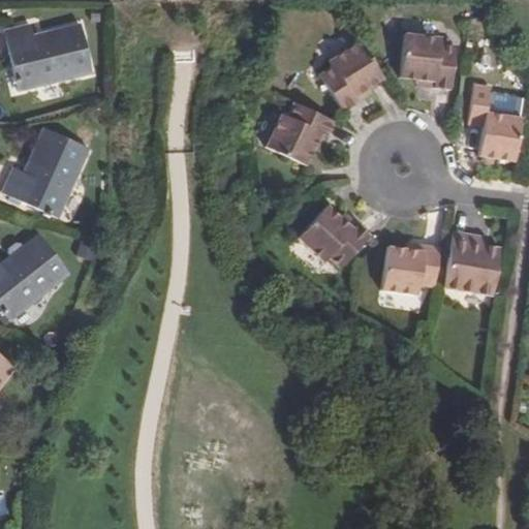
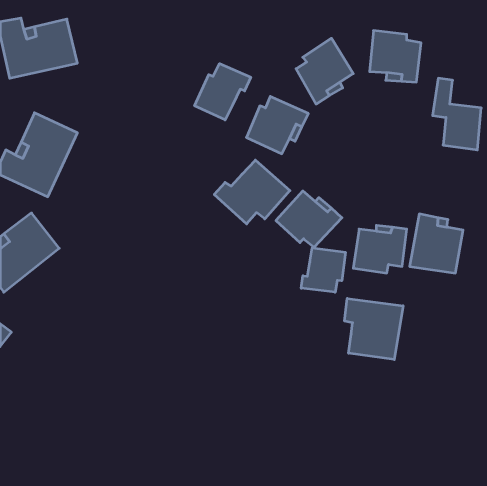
building: none -> [195,64,251,120]
building: none -> [214,160,290,224]
building: none -> [301,248,345,292]
building: none -> [345,298,403,360]

